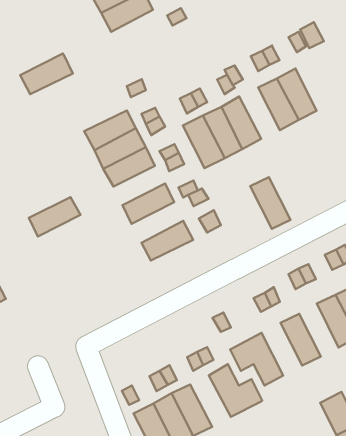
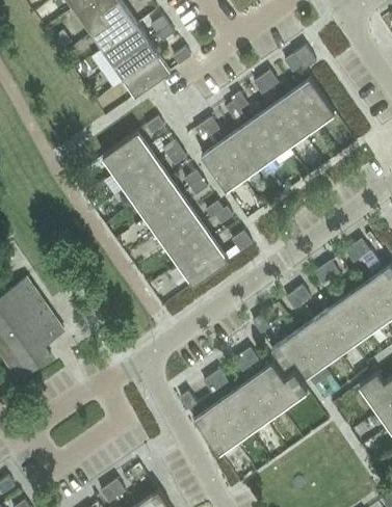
building: none -> [125,56,171,97]
building: [20,54,73,94] -> [102,133,149,174]
building: none -> [294,79,335,126]
building: [250,177,291,229] -> [247,112,288,158]
building: [29,197,81,237] -> [147,195,192,235]
building: none -> [167,225,213,266]
building: none -> [329,298,368,345]
building: none -> [297,320,338,367]
building: none -> [240,376,281,422]

